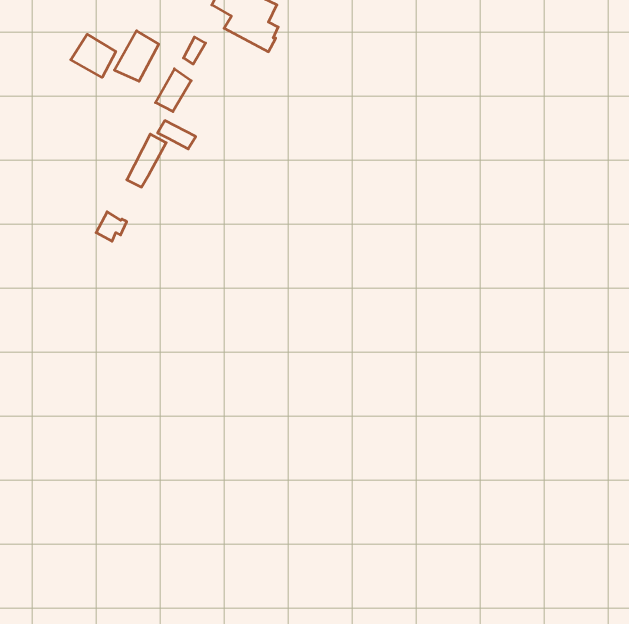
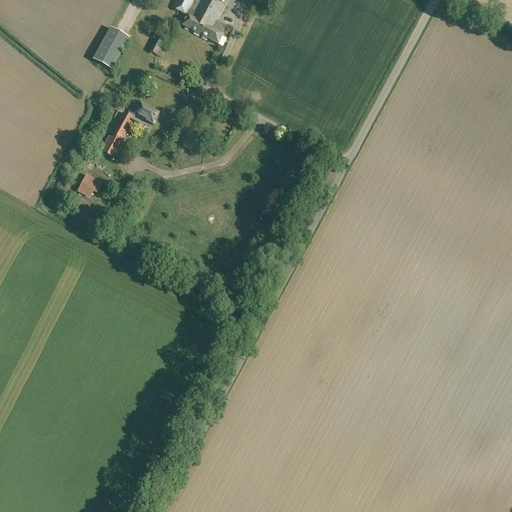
building: [71,34,116,77] -> none
building: [155,69,191,112] -> none

